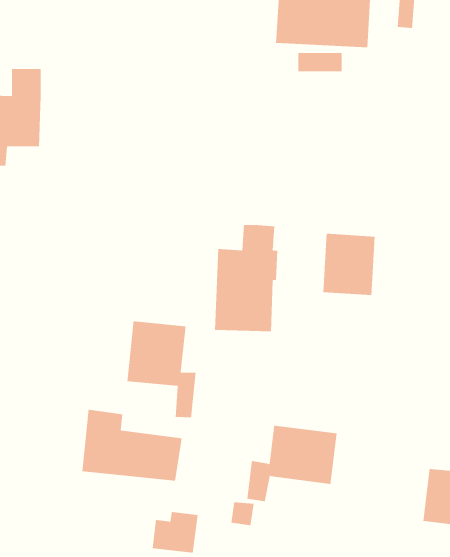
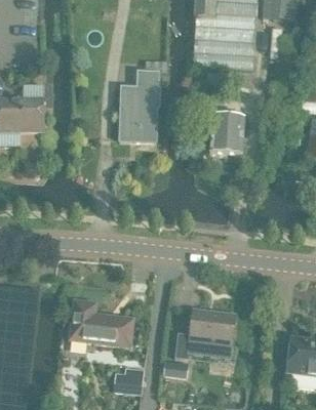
building: [214,225,278,332] -> [119,71,160,139]
building: [323,233,375,296] -> [210,116,244,156]
building: [127,320,196,418] -> none

